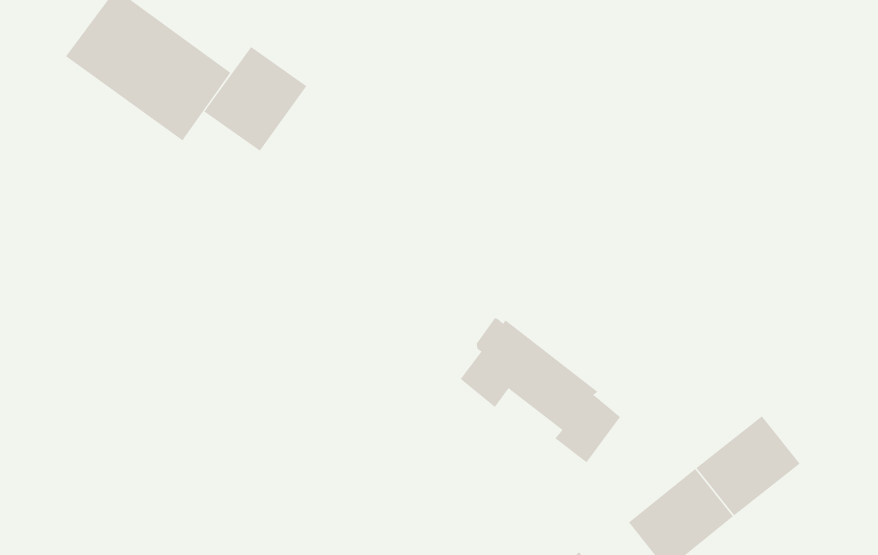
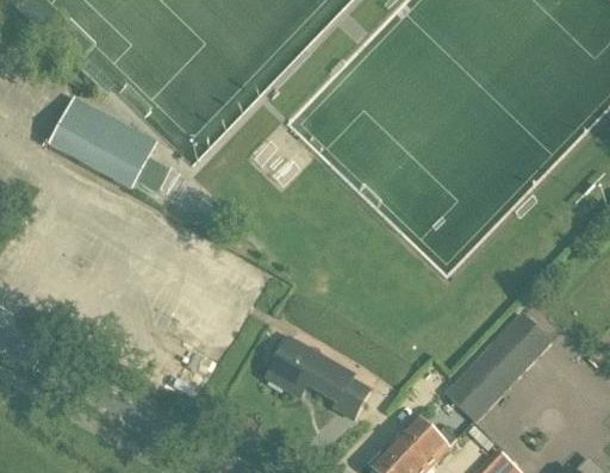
building: [204,46,307,152] -> none
building: [460,318,621,463] -> [266,336,372,421]

